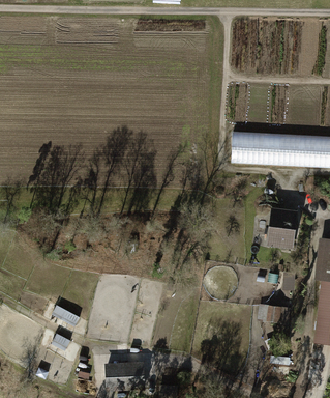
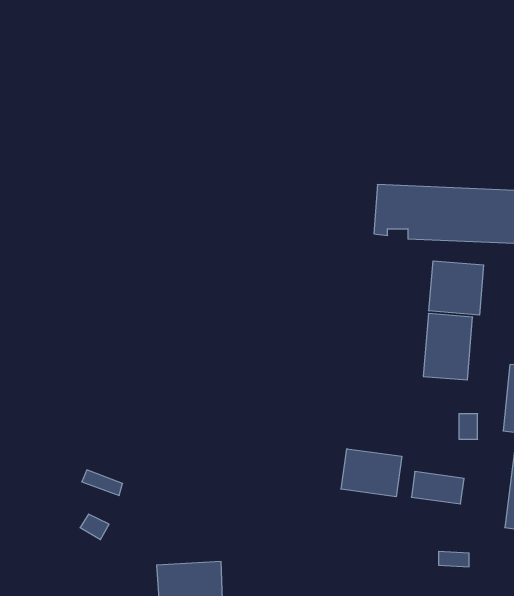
building: none -> [429,261,484,315]
building: none -> [341,449,402,497]

